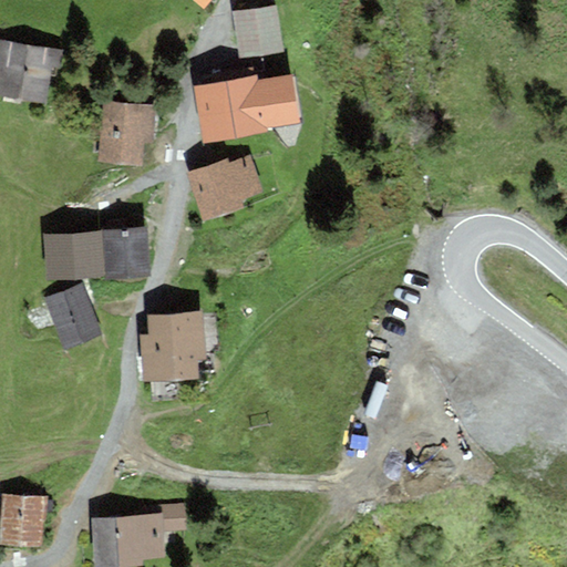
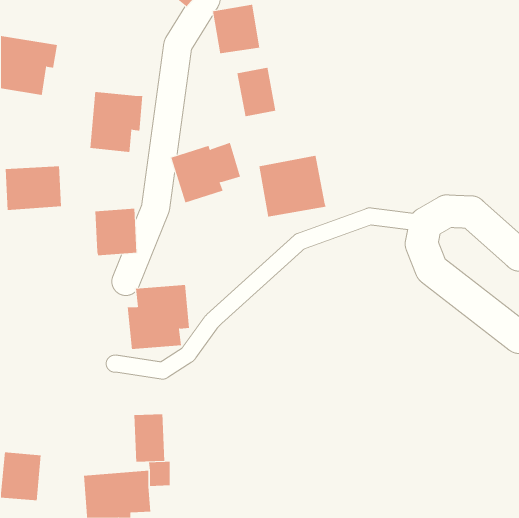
building: [194,74,268,142] -> [258,155,326,217]
building: [43,230,105,279] -> [5,166,62,210]
building: [43,284,101,349] -> none
building: none -> [134,414,165,462]

